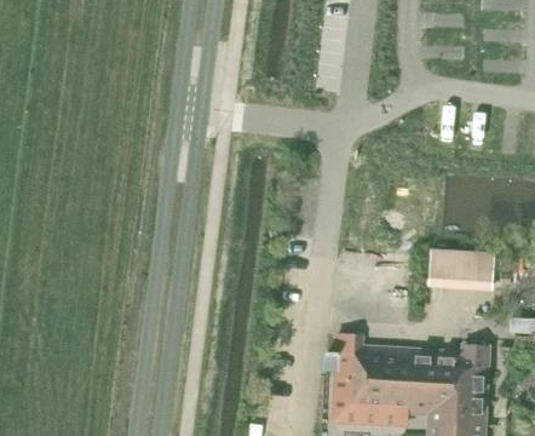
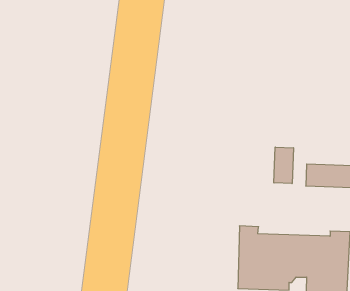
building: none -> [274,147,293,184]

